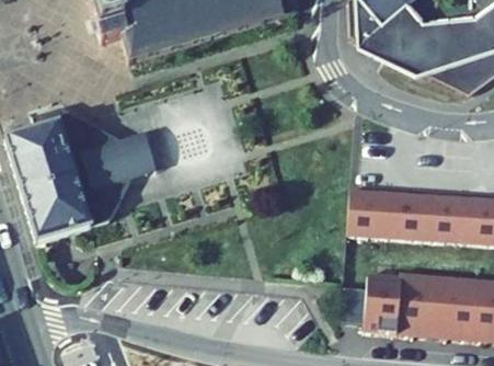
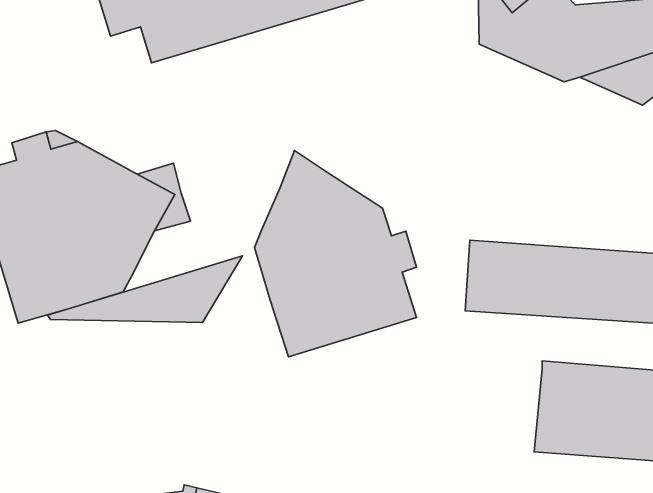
building: none -> [255,151,417,357]
building: none -> [48,256,243,323]
building: [365,274,402,334] -> none

